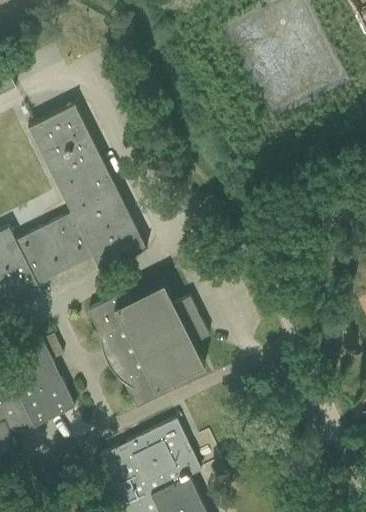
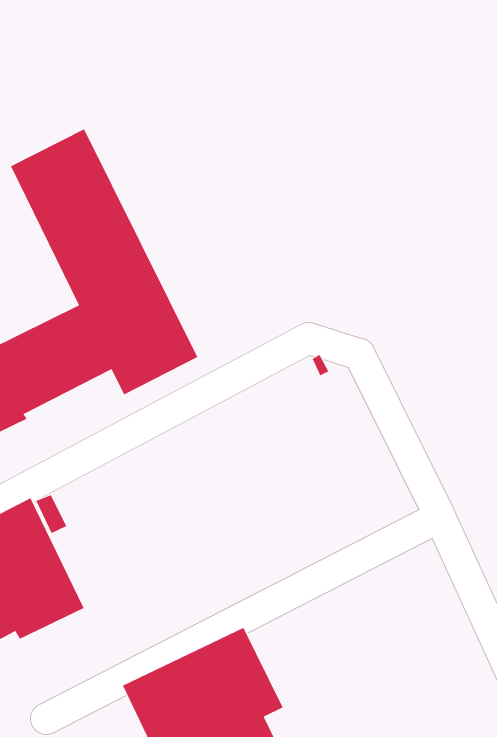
building: [88,282,209,408] -> none

